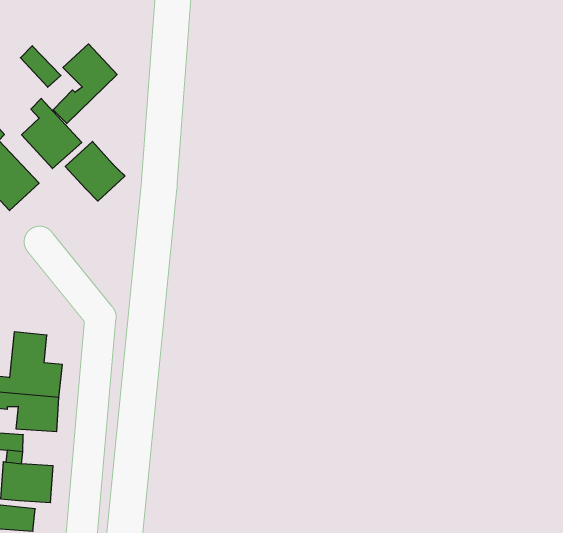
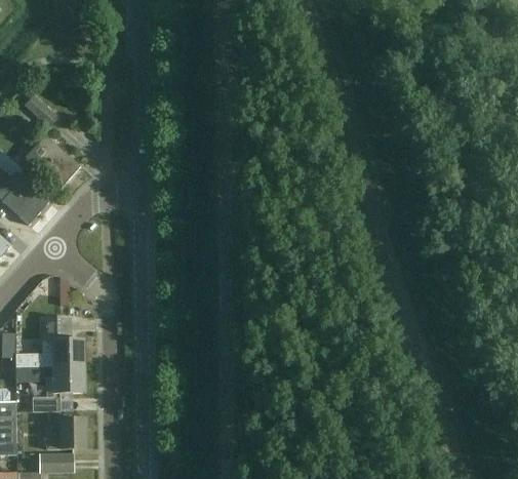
building: [53,44,117,124] -> none
building: [65,141,125,201] -> none

